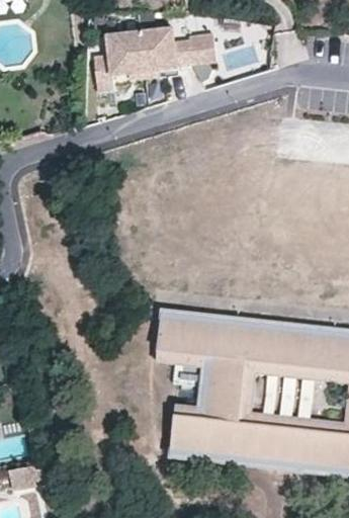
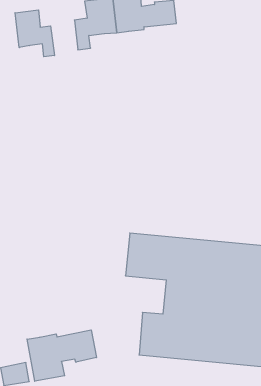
building: none -> [15,10,54,57]
building: none -> [27,330,96,381]

